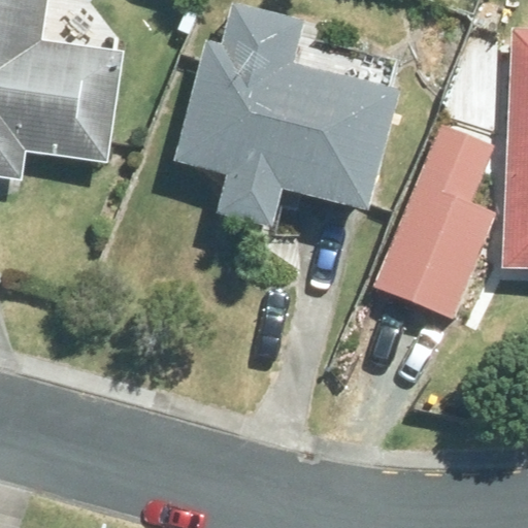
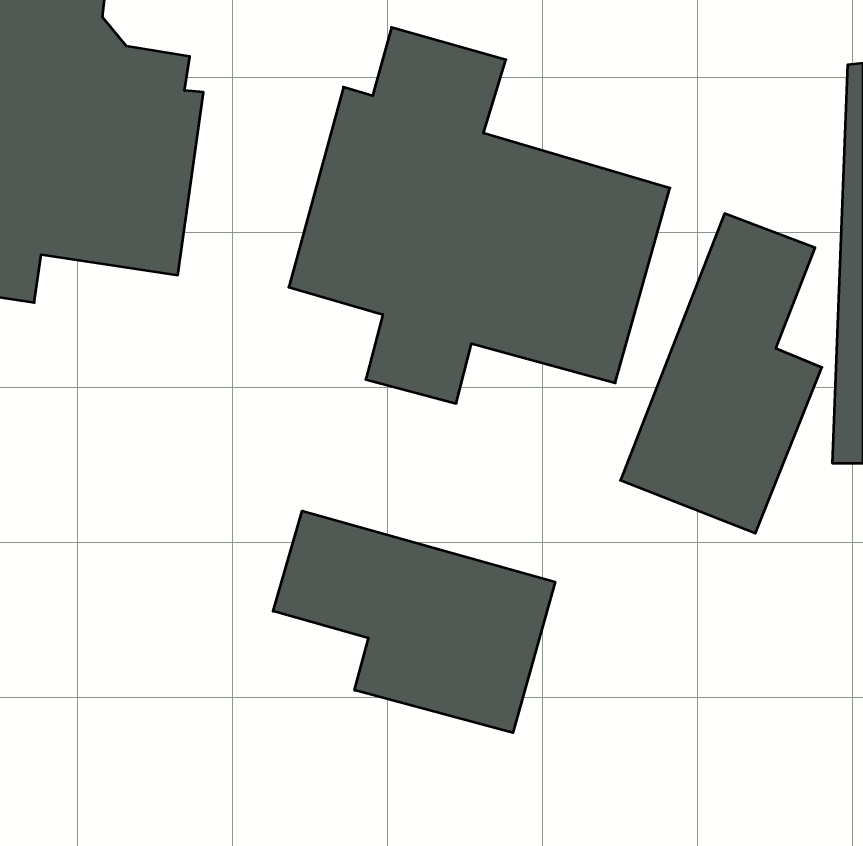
building: none -> [273,511,555,733]

